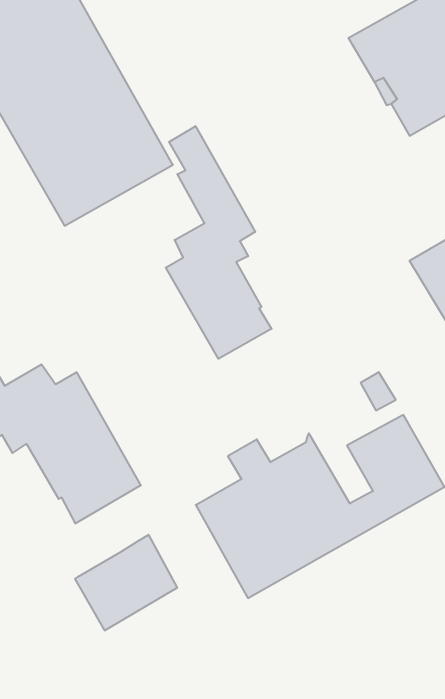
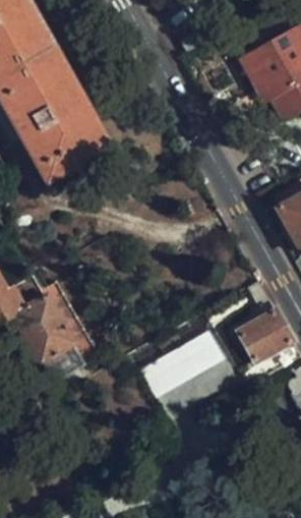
building: [166,126,272,359] -> none
building: [75,535,177,631] -> none

